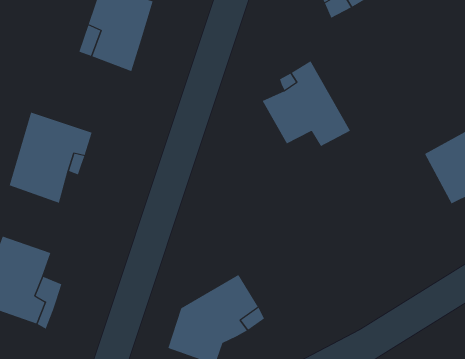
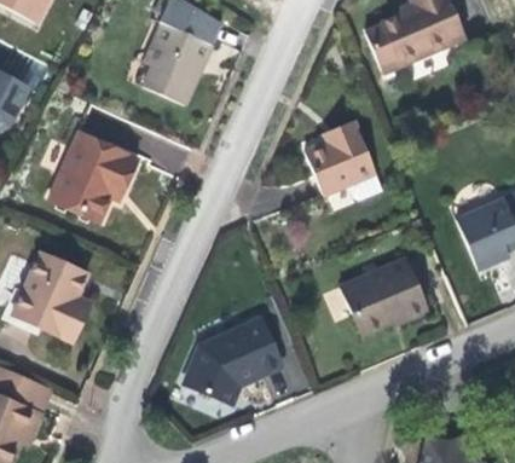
building: none -> [341,250,434,329]

